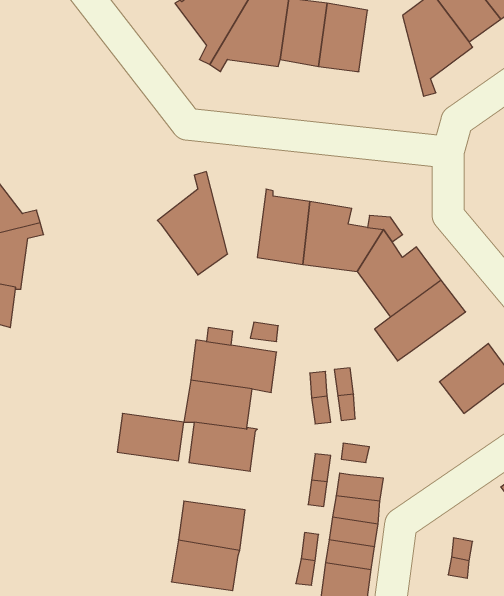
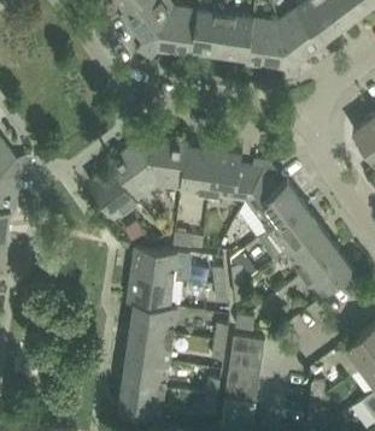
building: none -> [245,19,292,81]
building: none -> [142,128,183,189]
building: none -> [88,166,136,218]
building: none -> [286,226,336,274]
building: [117,413,184,461] -> [127,330,172,362]

